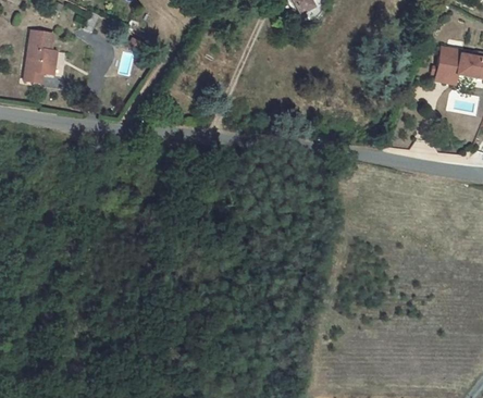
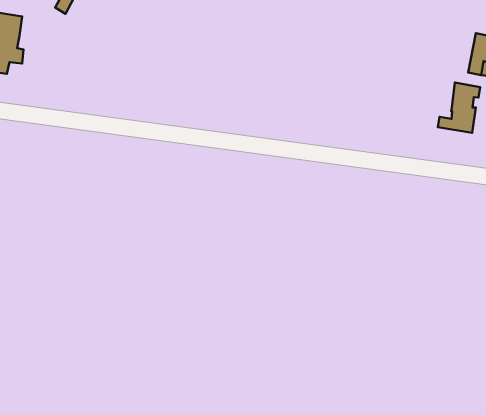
building: none -> [438,83,480,133]

